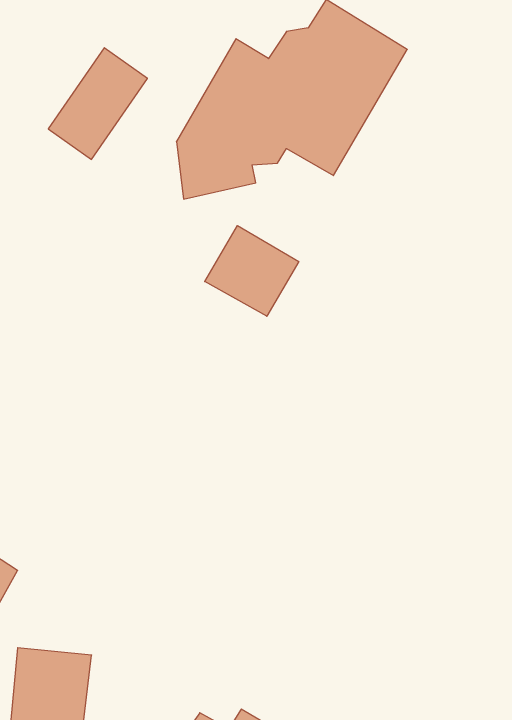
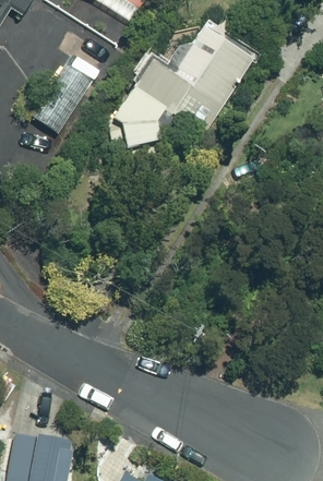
building: [205,226,299,316] -> none

